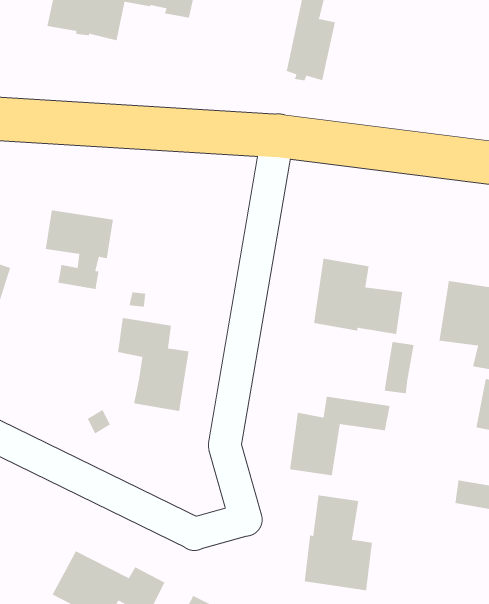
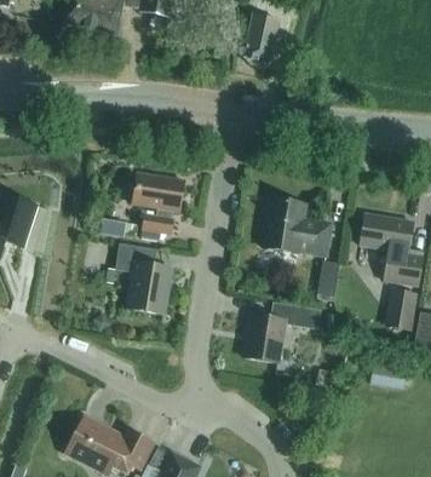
building: [45,209,114,290] -> [132,173,184,234]
building: [304,495,373,591] -> none

